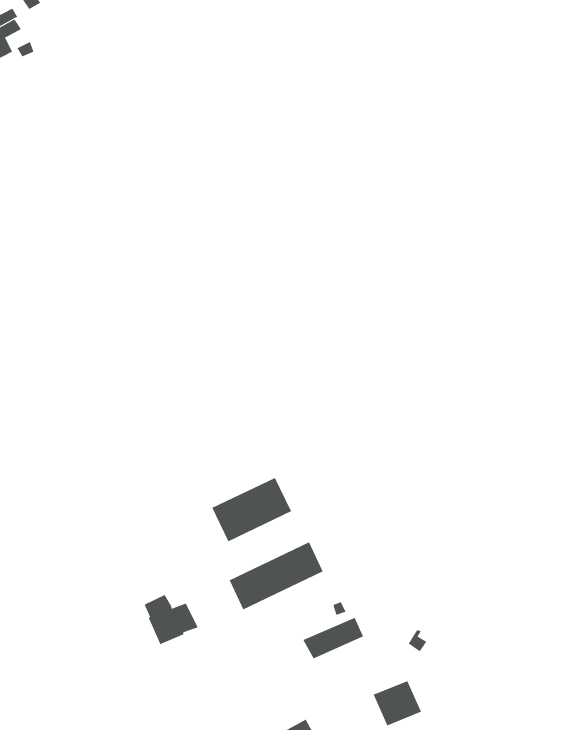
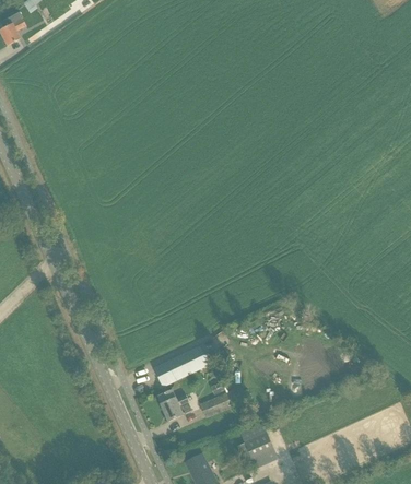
building: [212,477,292,542] -> none
building: [144,594,198,645] -> [158,390,192,422]

